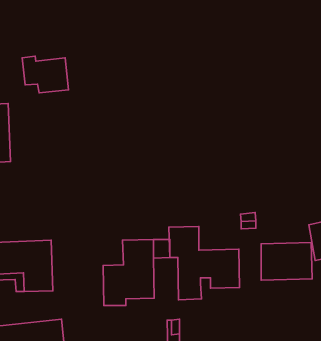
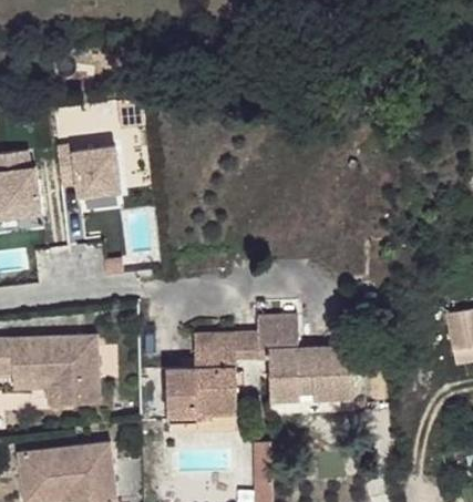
building: [22,56,68,93] -> [56,145,120,195]
building: [261,243,312,280] -> none

